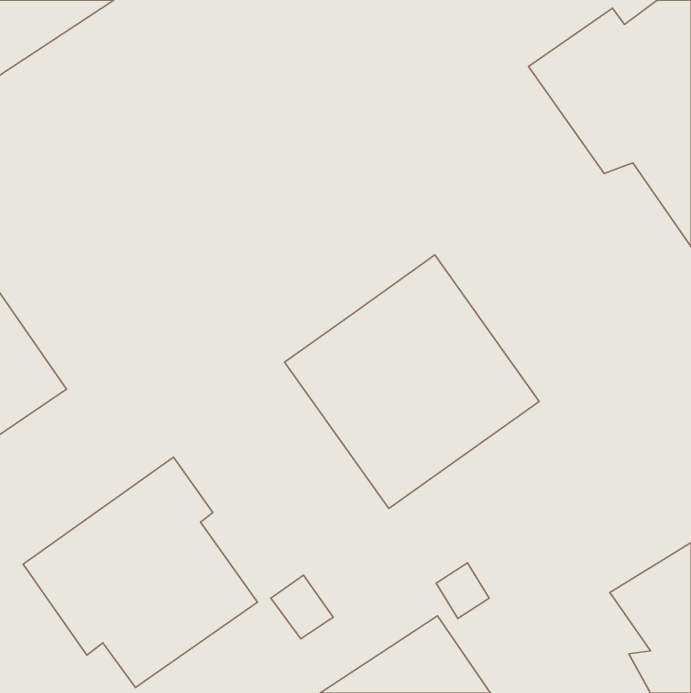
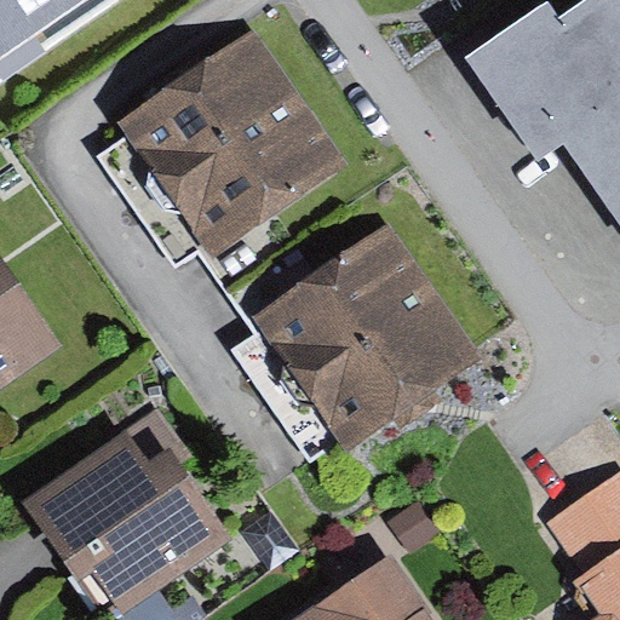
building: none -> [116,31,341,256]

